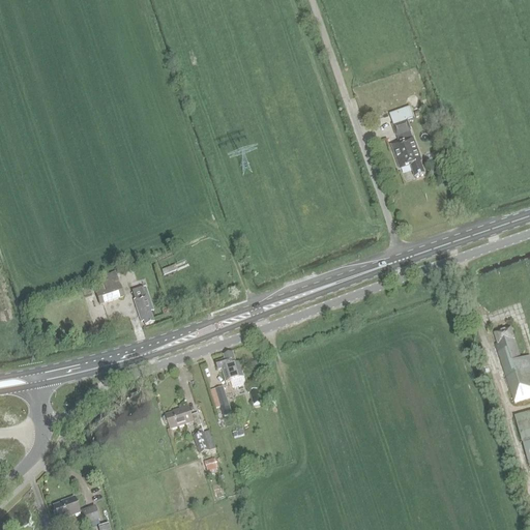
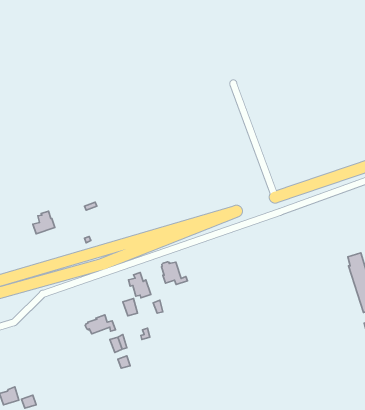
building: [388,104,423,175] -> none
building: [131,284,152,323] -> none
building: none -> [161,262,187,284]

